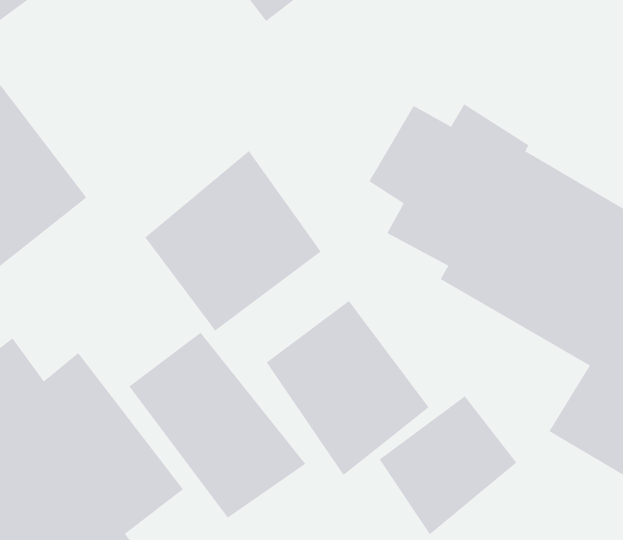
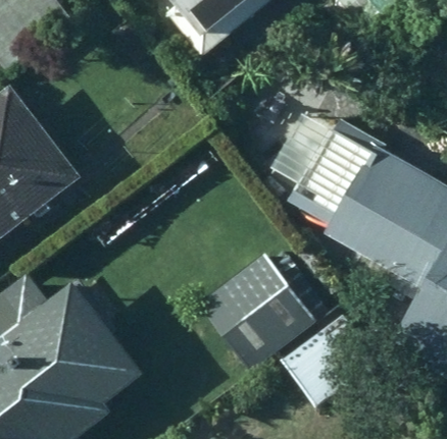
building: [144,150,321,331] -> none
building: [128,332,306,518] -> none

